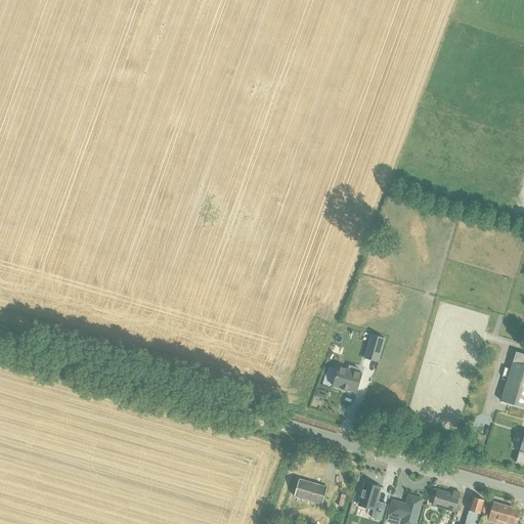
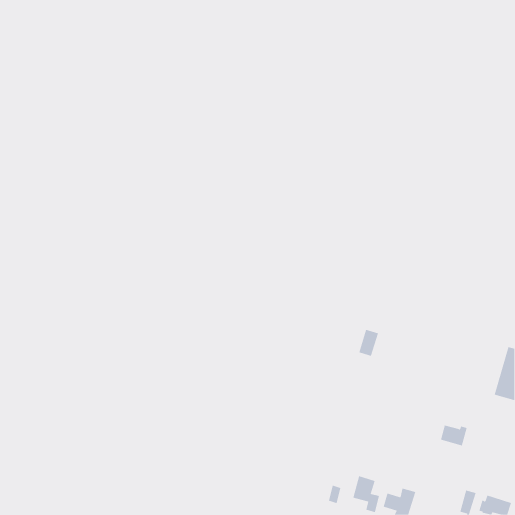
building: [332,364,361,392] -> none
building: [292,482,324,508] -> none
building: [432,489,460,511] -> [440,425,468,446]

